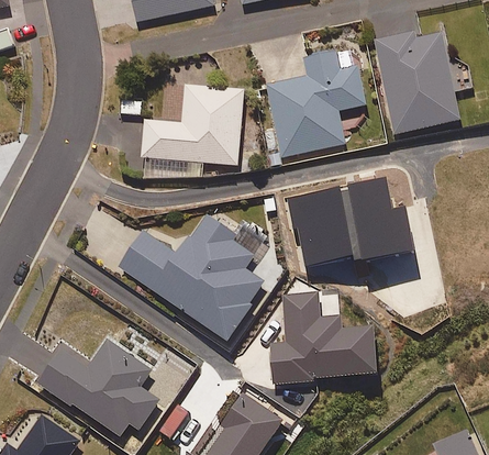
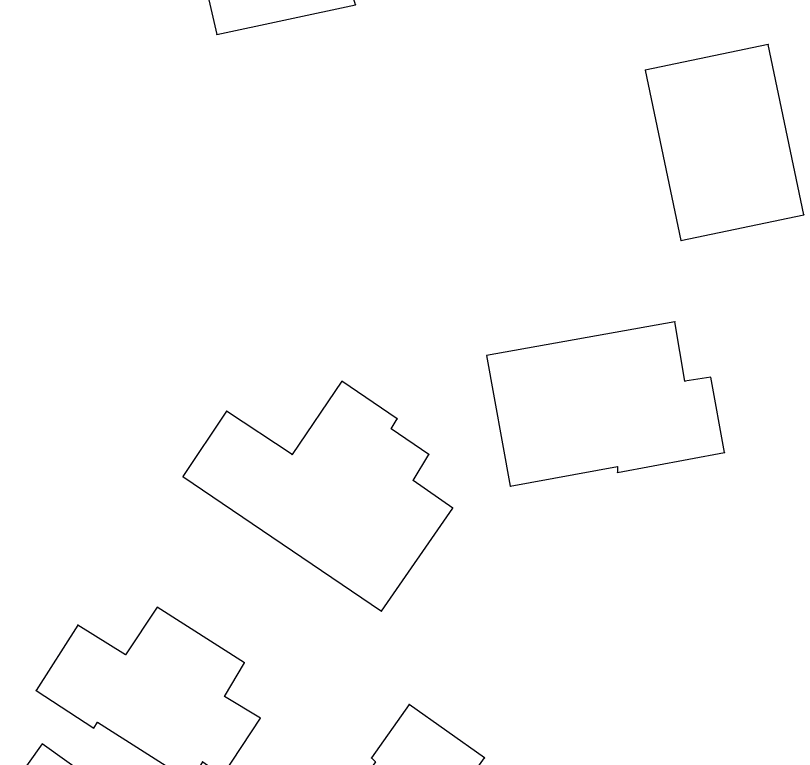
building: [265,49,365,156] -> none
building: [140,85,242,177] -> none
building: [269,291,378,380] -> none

